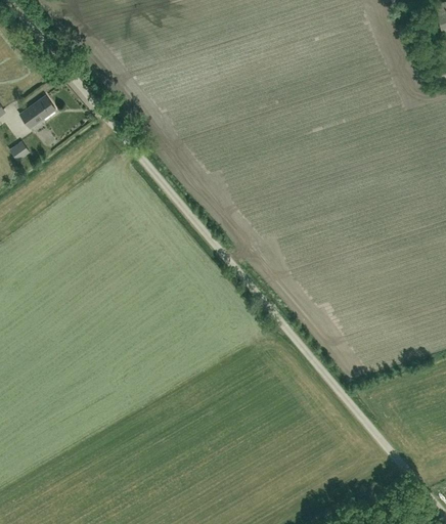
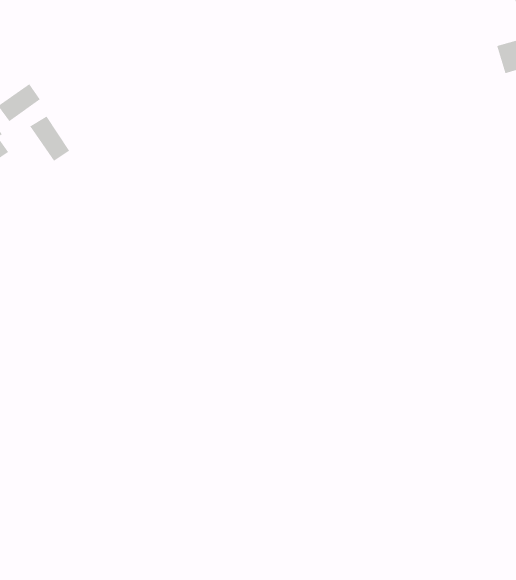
building: none -> [29,116,70,162]

